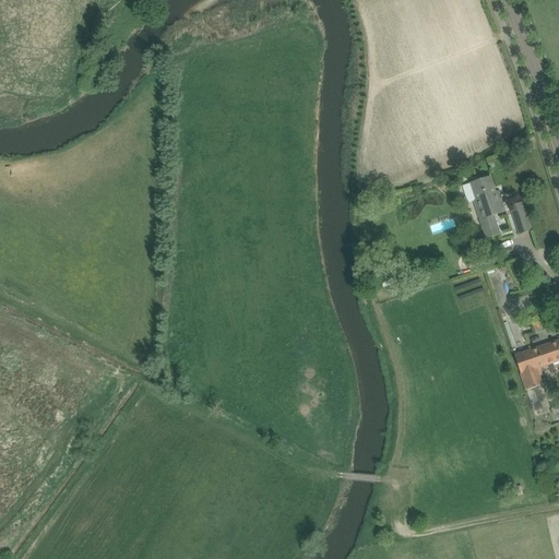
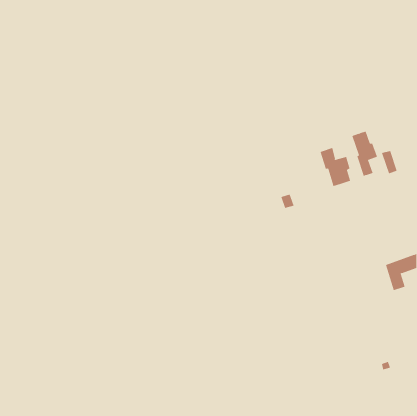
building: none -> [320,147,351,187]

